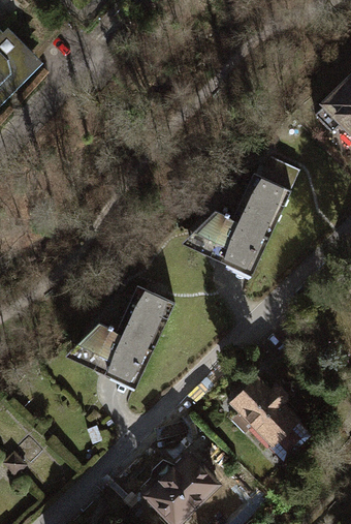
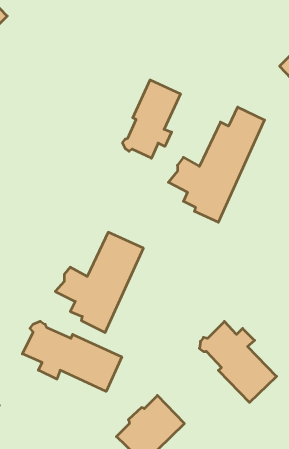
building: none -> [123,80,180,158]
building: none -> [22,321,122,391]

